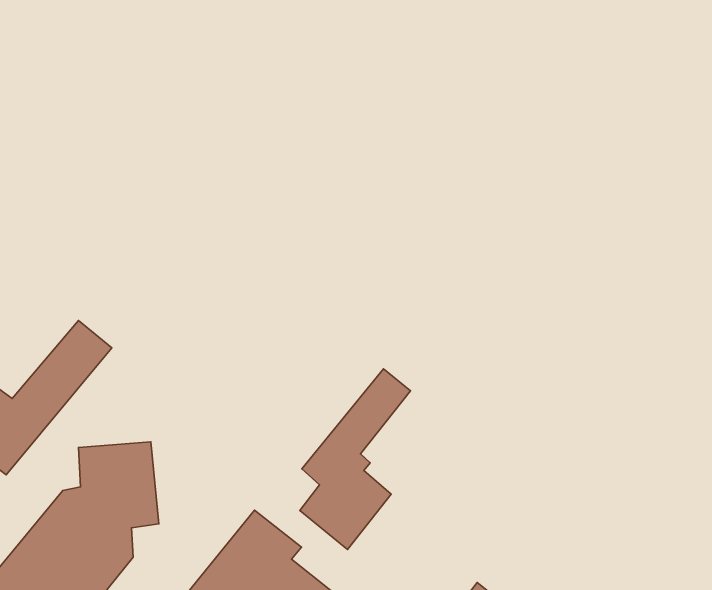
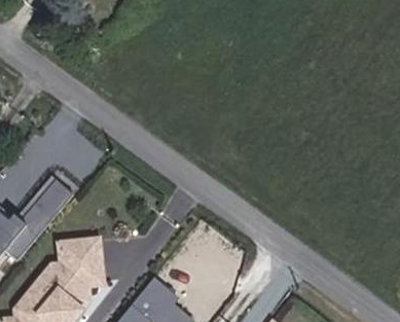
building: [300,369,410,549] -> none

